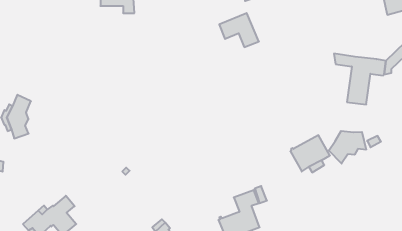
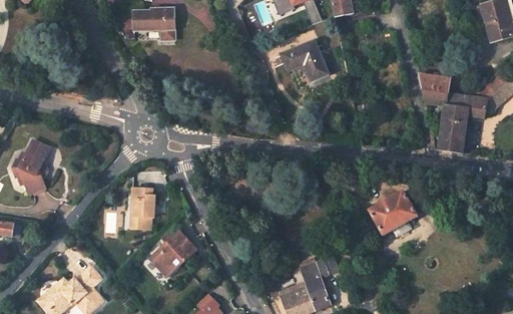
building: none -> [418,73,450,93]
building: [329,131,366,164] -> none
building: none -> [128,189,151,230]
building: none -> [148,232,195,277]

